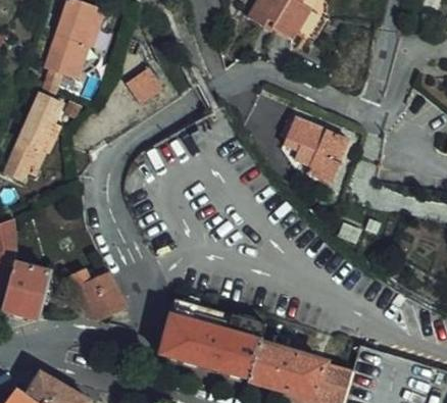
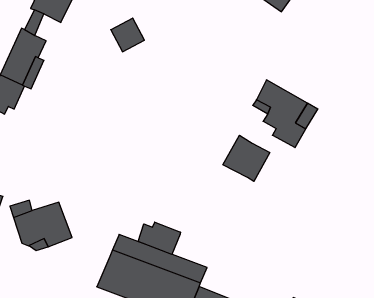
building: none -> [223,135,270,181]
building: none -> [138,222,180,254]

